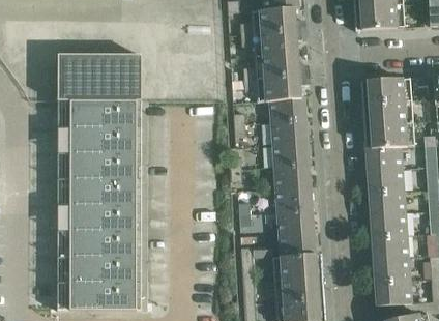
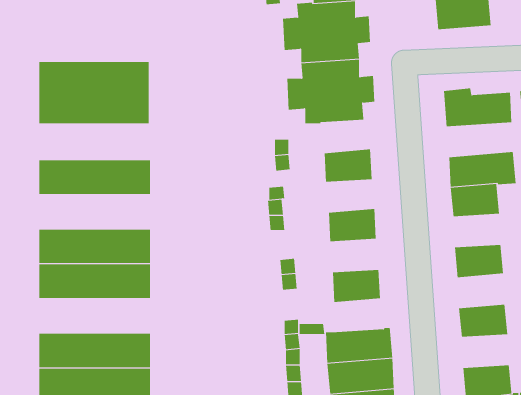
building: [269,95,306,121] -> none
building: [362,98,413,124] -> none
building: [58,99,142,126] -> none
building: [272,141,310,166] -> none
building: [58,152,142,178] -> none
building: [368,167,404,192] -> none
building: [275,185,313,210] -> none
building: [371,211,407,237] -> none
building: [58,230,142,256] -> none
building: [279,230,316,255] -> none
building: [374,257,410,282] -> none

